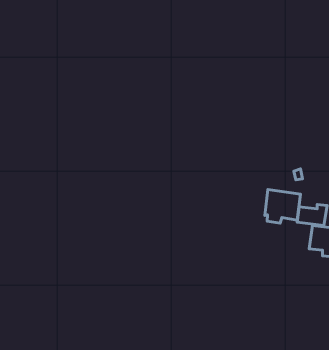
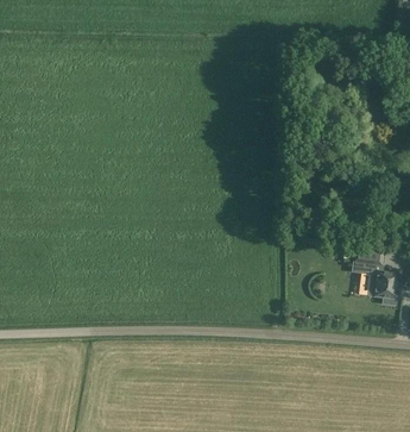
building: [265,189,301,223] -> none

